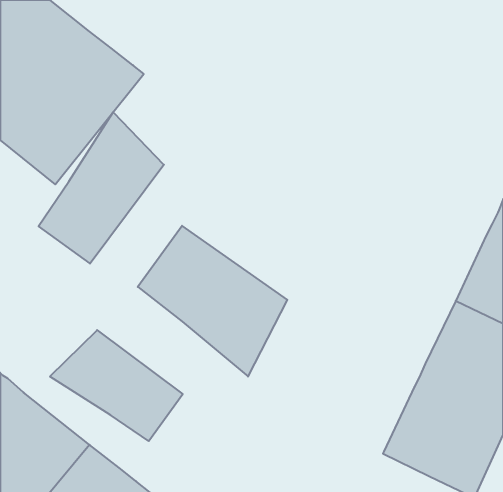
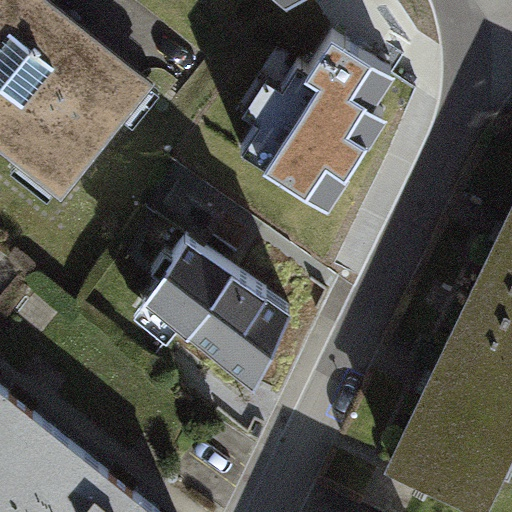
building: none -> [239,37,391,215]
building: [39,112,164,264] -> none
building: [50,330,183,441] -> none

